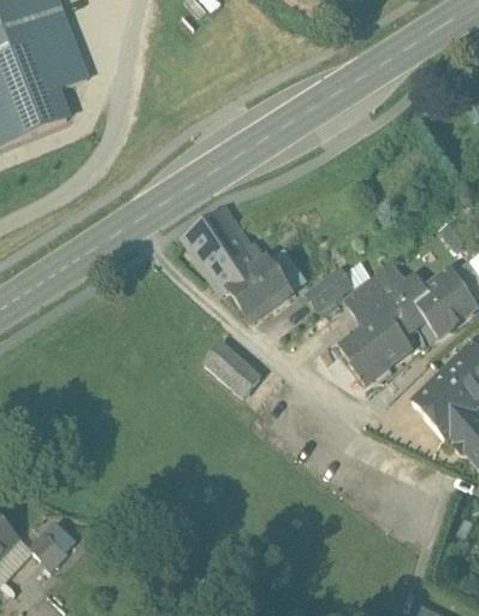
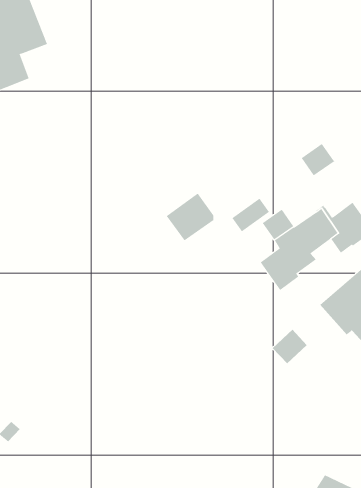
building: [187,214,265,294] -> none
building: [368,262,409,302] -> [301,143,335,176]
building: [206,338,261,391] -> none
building: none -> [272,329,308,364]

